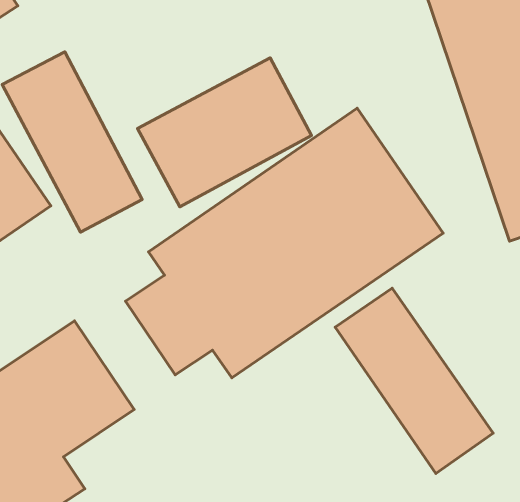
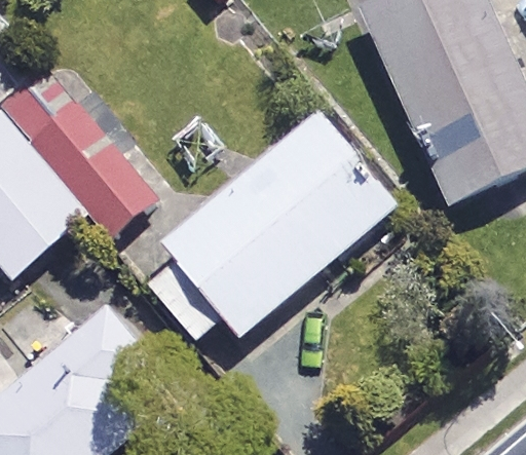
building: [137,58,311,207] -> none
building: [335,288,493,474] -> none

